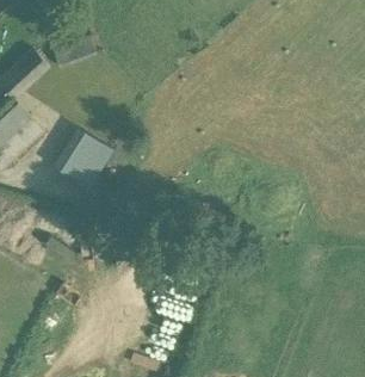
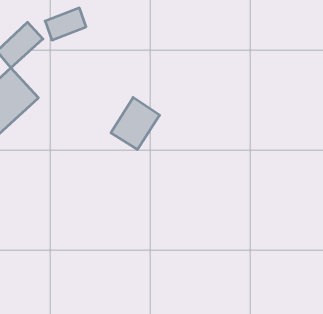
building: [58,129,111,185] -> [111,97,160,150]

